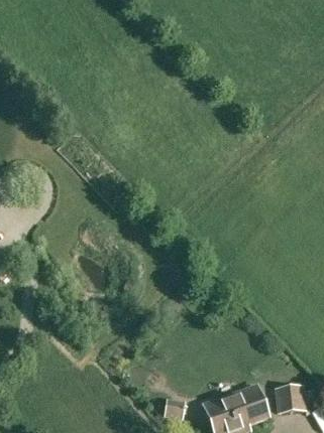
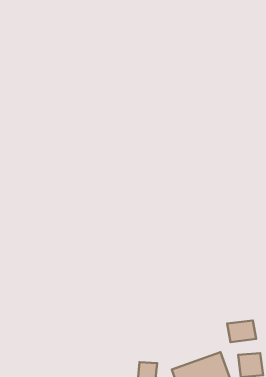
building: none -> [227,320,256,342]

